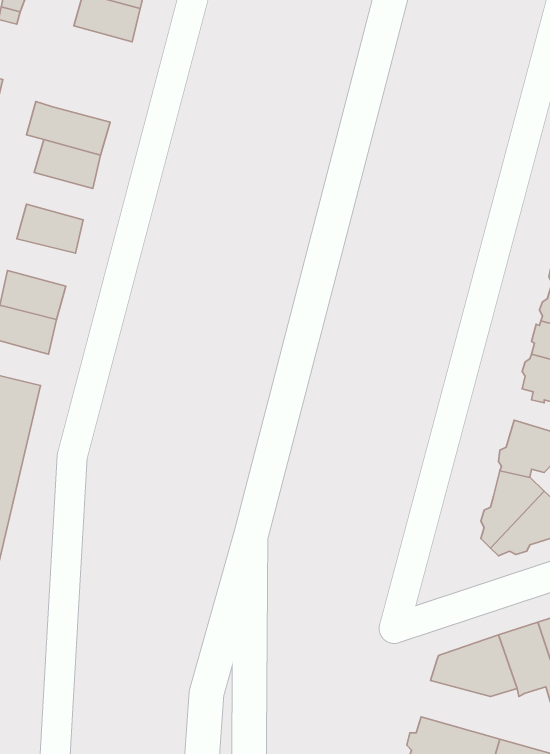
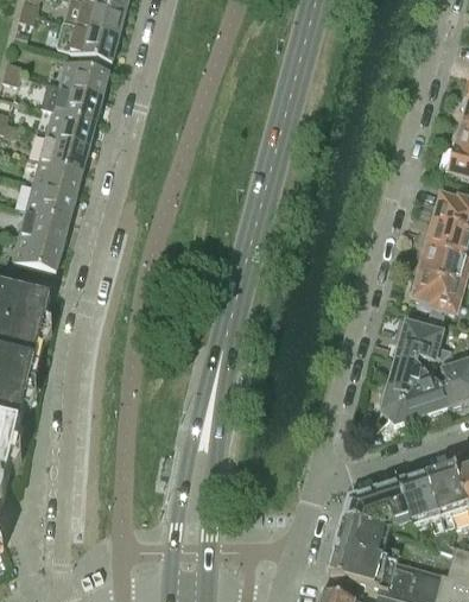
building: none -> [56,18,119,59]
building: none -> [58,56,109,94]
building: none -> [39,132,89,167]
building: none -> [25,182,76,217]
building: none -> [336,514,398,558]

